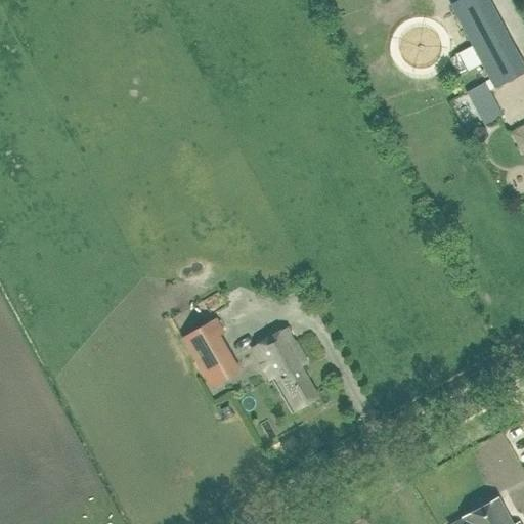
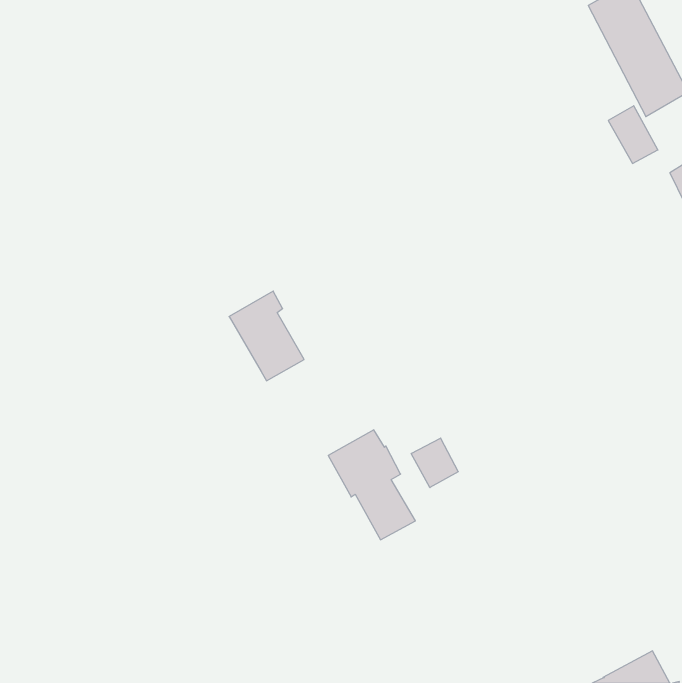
building: [184,318,242,387] -> [229,291,304,381]
building: none -> [411,438,458,488]

